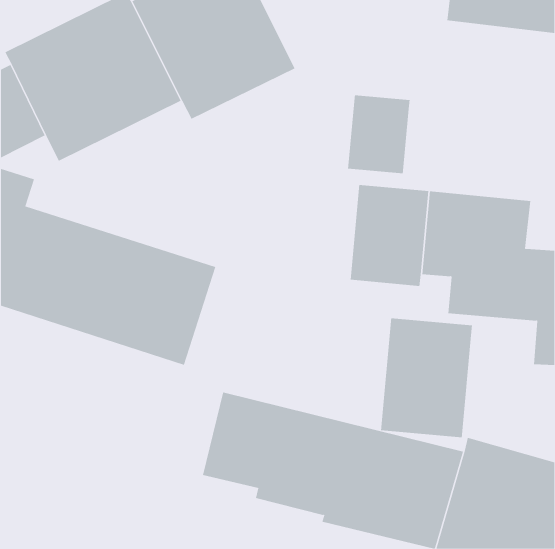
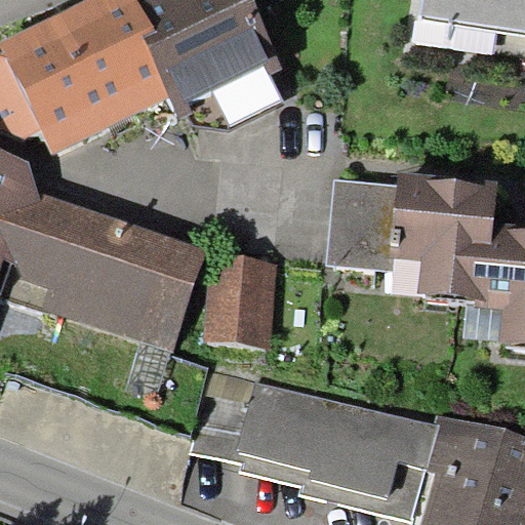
building: [348,94,410,174] -> none
building: none -> [205,265,273,345]
building: [380,317,473,438] -> none

